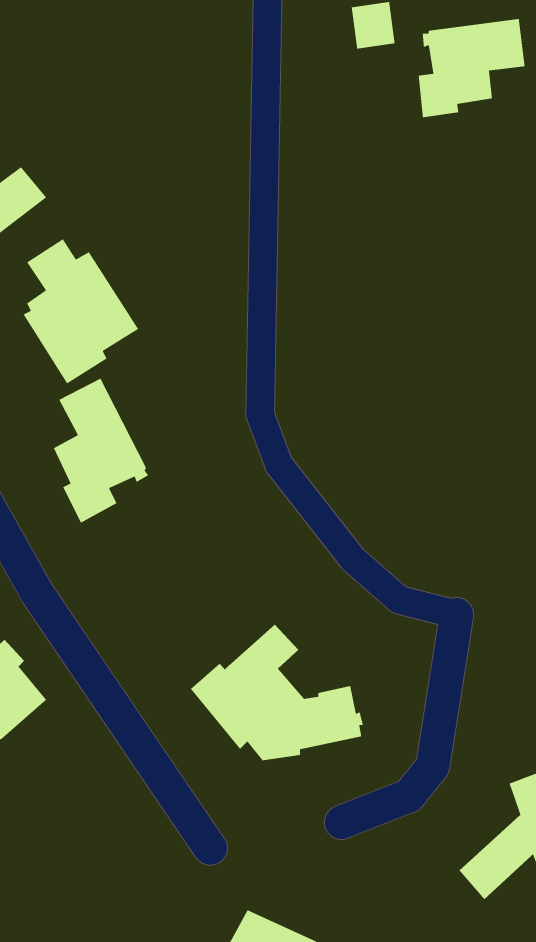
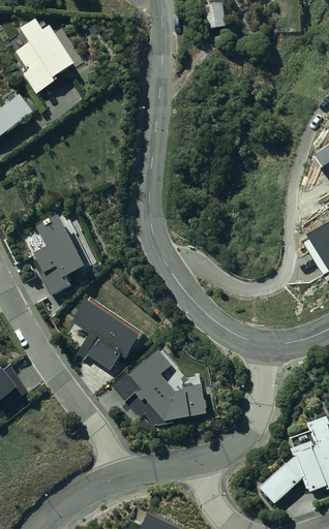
building: [418,18,525,118] -> none
building: [22,238,139,385] -> [11,15,77,97]
building: none -> [71,298,143,370]

